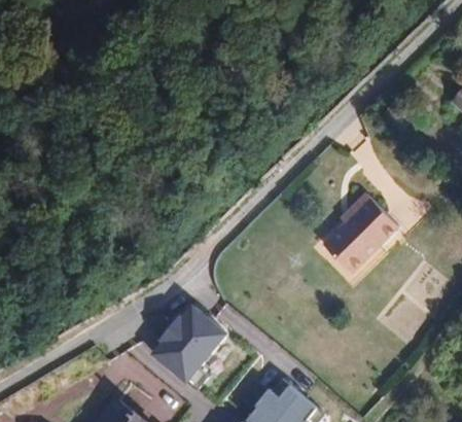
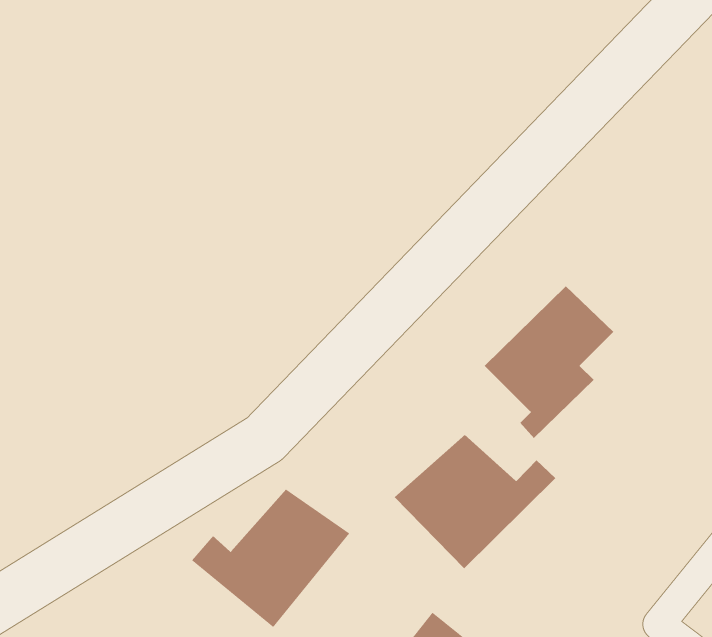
building: none -> [394,434,556,569]

